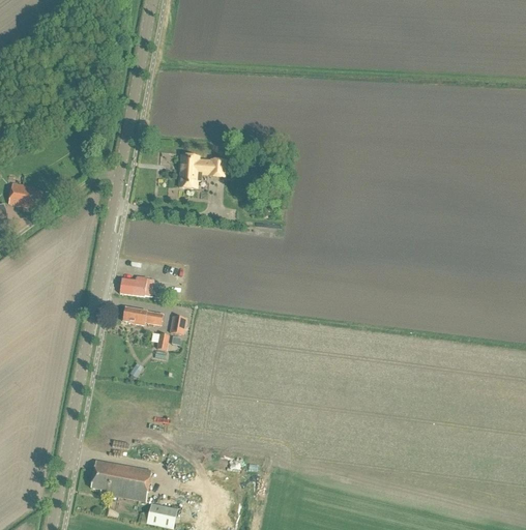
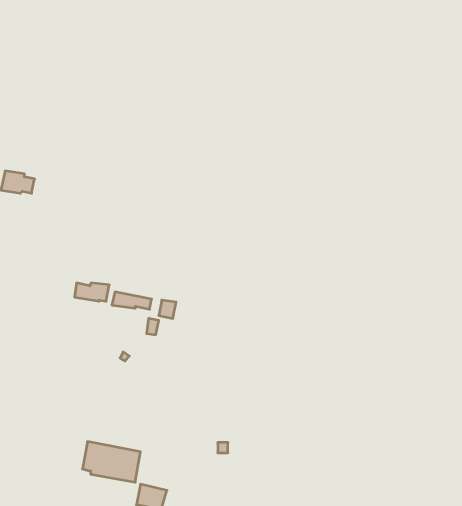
building: [178,156,226,187] -> none
building: [120,277,155,296] -> [75,283,109,301]

